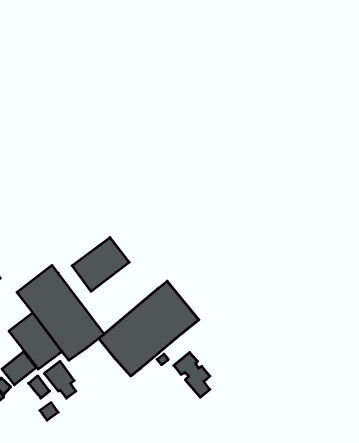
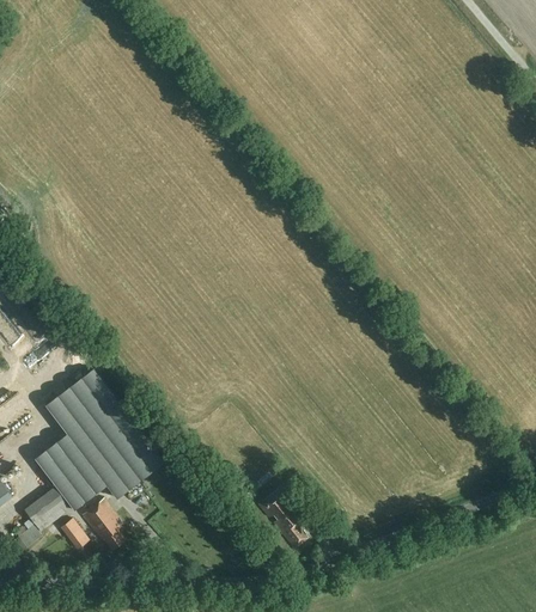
building: [72,237,129,291] -> none
building: [99,281,199,376] -> none

